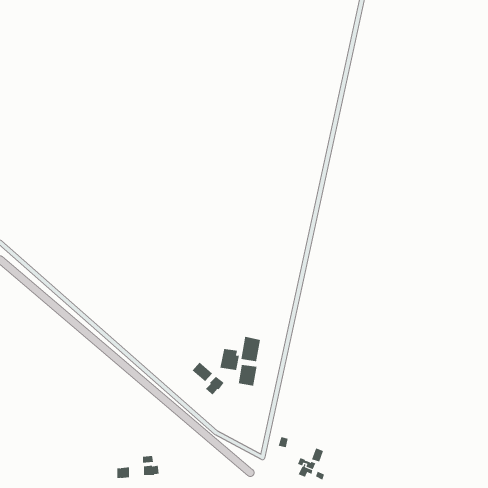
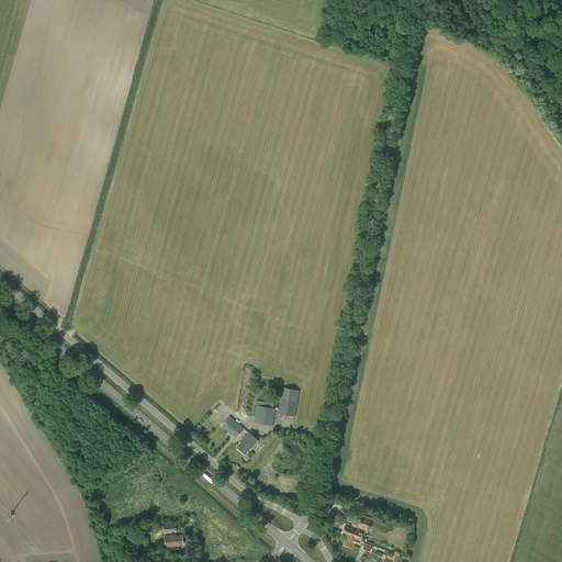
building: [238,364,257,386] -> none

